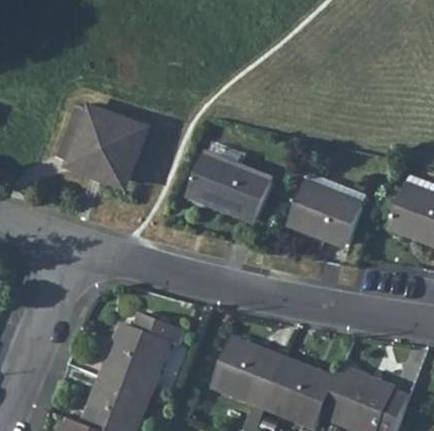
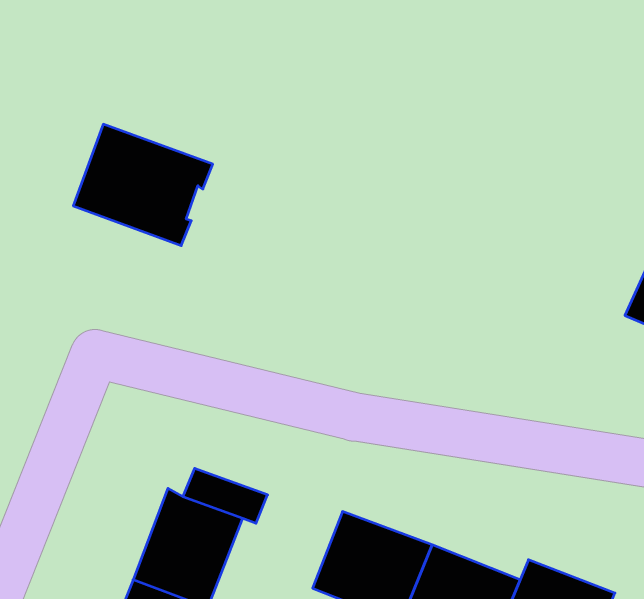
building: [185,159,267,221] -> none
building: [298,184,369,241] -> none

